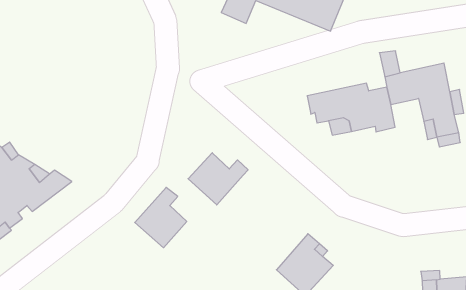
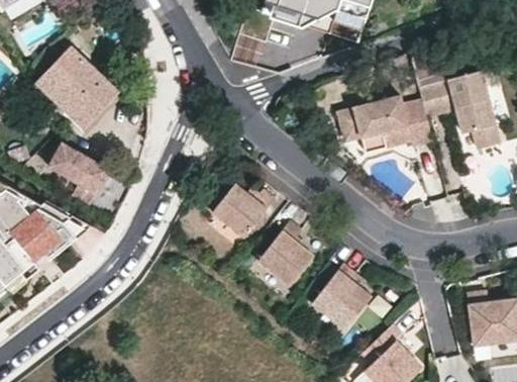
building: none -> [32,45,113,125]
building: none -> [43,139,106,201]
building: [135,187,187,248] -> [258,221,314,286]

